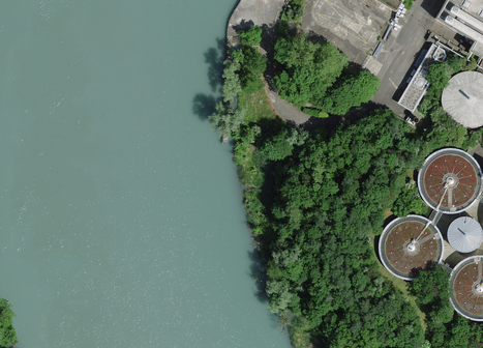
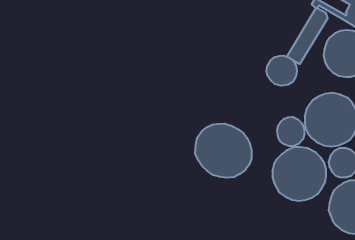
building: none -> [266,56,297,86]
building: none -> [277,117,305,146]
building: none -> [195,124,252,178]

